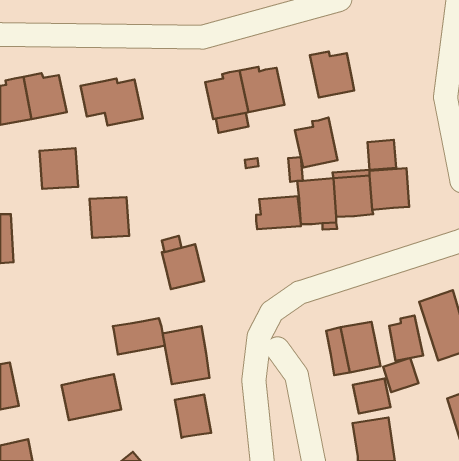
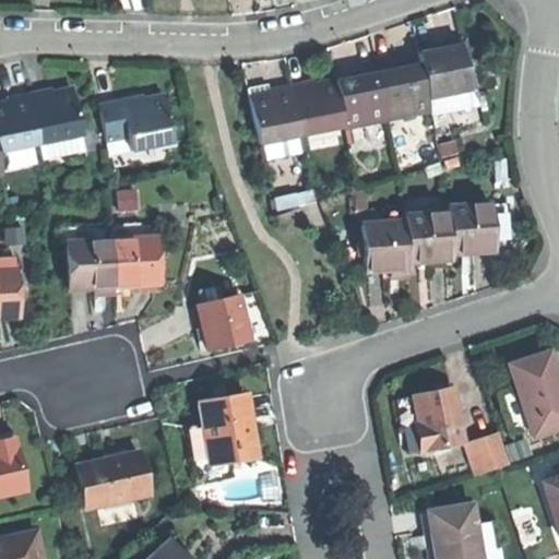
building: none -> [420,39,472,98]
building: [295,118,337,167] -> [337,67,389,127]
building: [368,140,396,170] -> none
building: [39,148,78,189] -> [68,240,115,289]
building: [256,196,301,229] -> none
building: [389,316,423,361] -> none
building: [113,318,165,354] -> none
building: [353,379,391,413] -> none
building: [175,394,211,438] -> none

